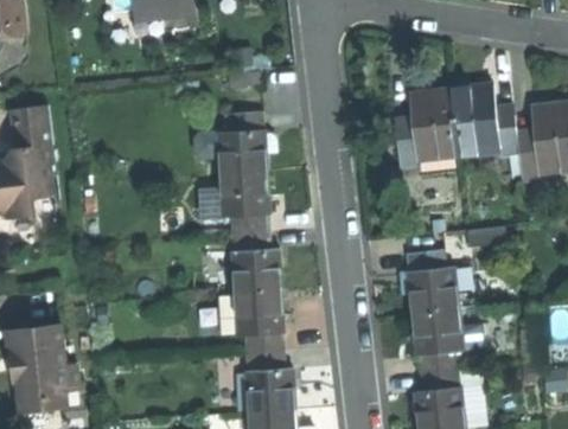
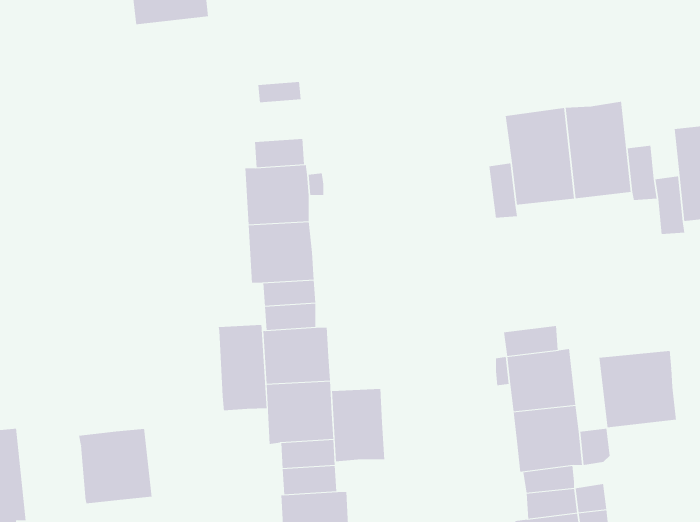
building: none -> [218,324,267,411]
building: none -> [599,350,677,428]
building: none -> [332,388,385,462]
building: none -> [78,428,152,504]

